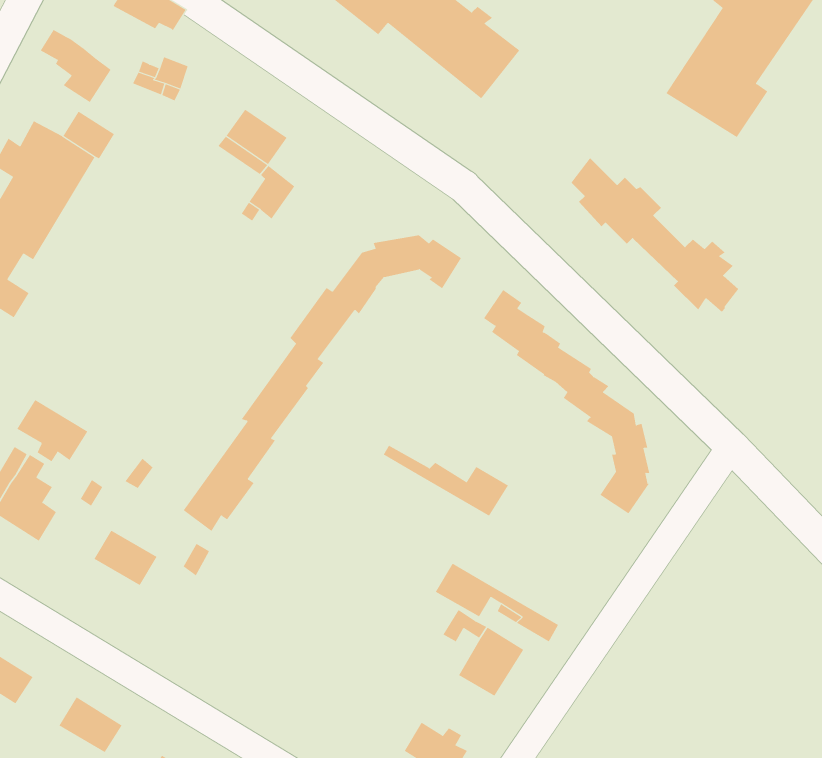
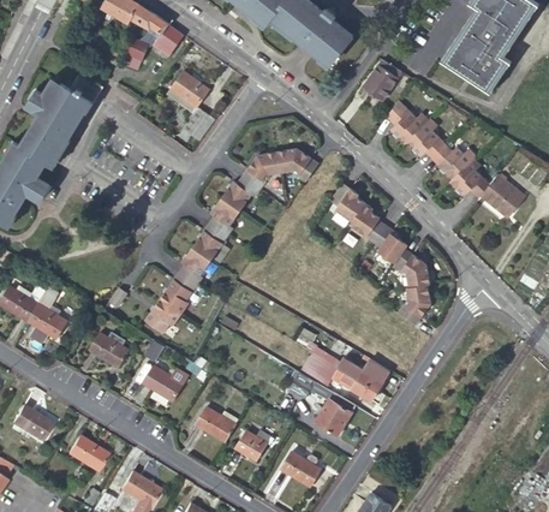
building: [40,29,111,103] -> [138,10,183,55]
building: none -> [363,56,401,100]
building: none -> [481,174,525,216]
building: [17,399,88,462] -> none
building: [383,445,509,516] -> [311,346,389,391]
building: none -> [143,365,185,400]
building: none -> [195,406,234,441]
building: none -> [235,430,274,460]

